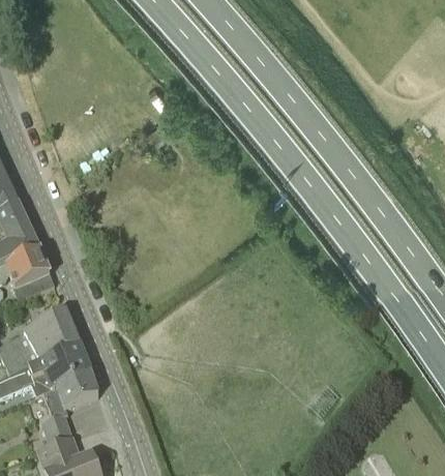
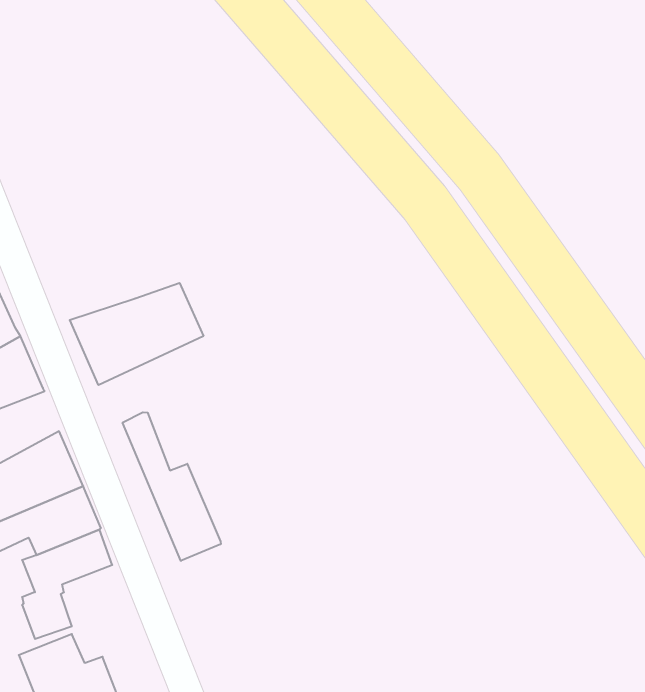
building: none -> [70,283,203,385]
building: none -> [123,412,221,561]

